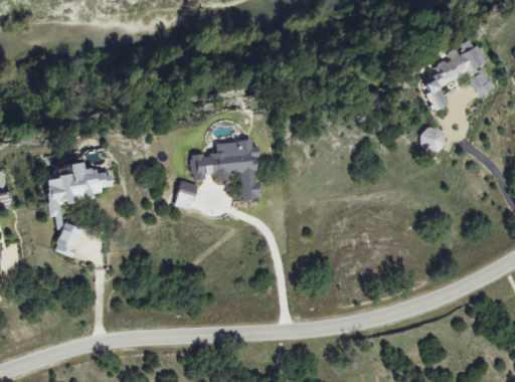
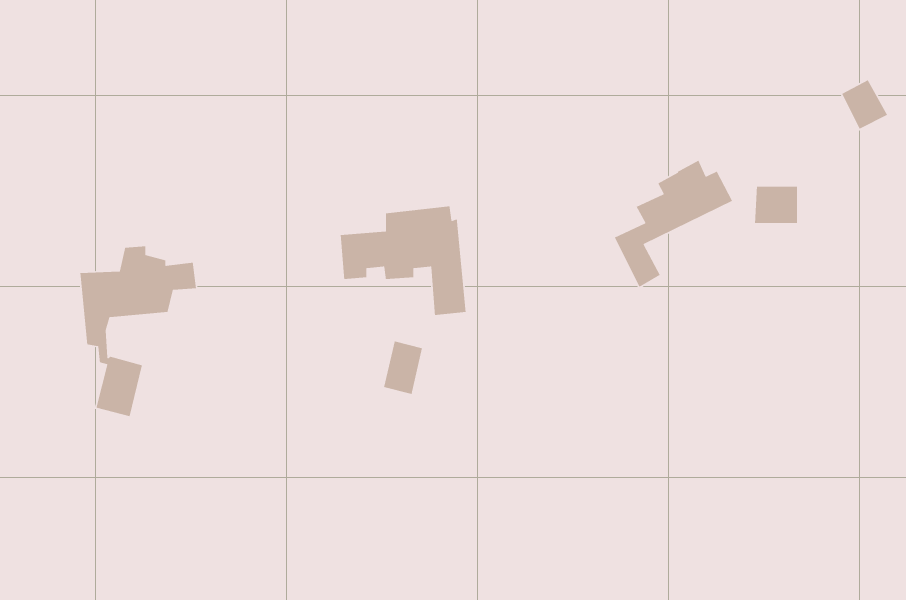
building: [421,39,488,111] -> [614,160,733,288]
building: [174,180,196,210] -> [383,341,423,395]

